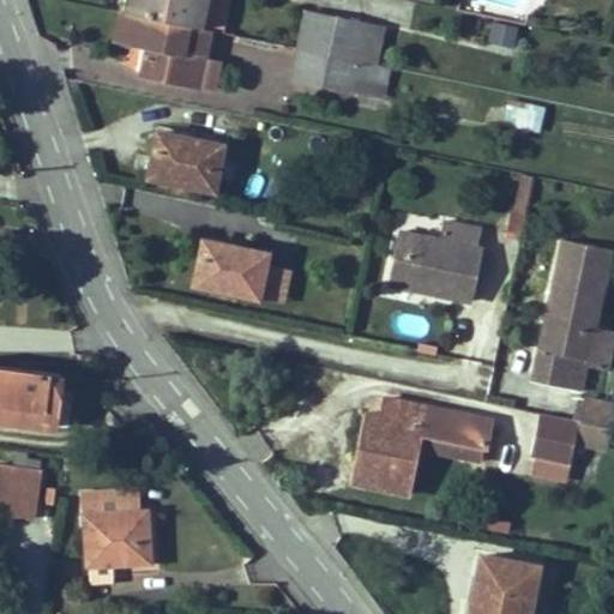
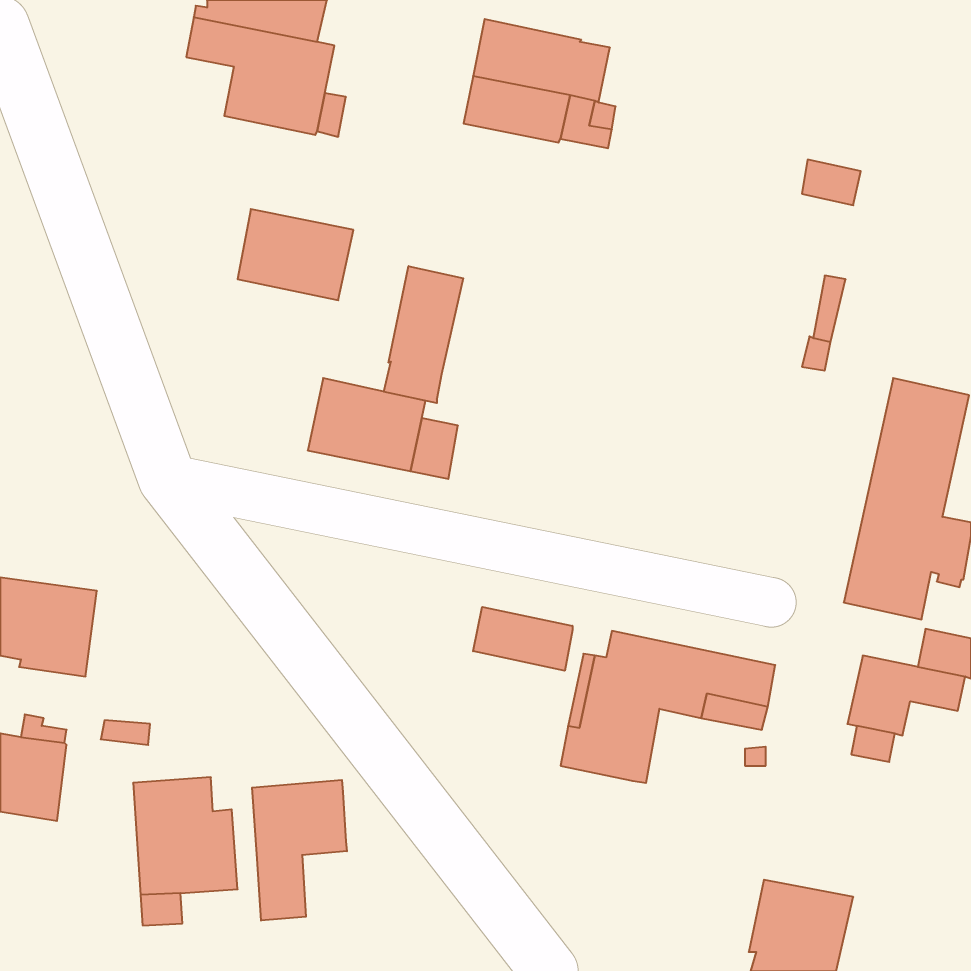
building: none -> [384,266,463,403]
building: [389,219,483,302] -> none
building: none -> [473,607,573,671]
building: none -> [252,780,347,921]

